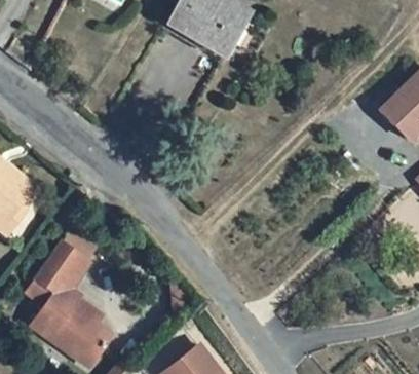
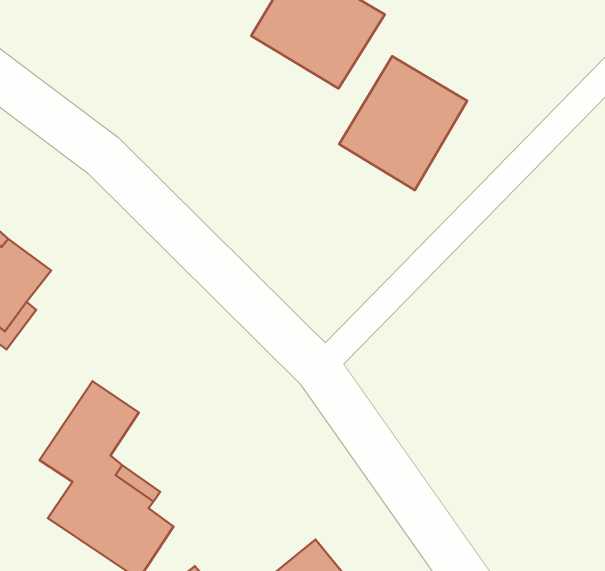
building: none -> [339,56,467,190]

